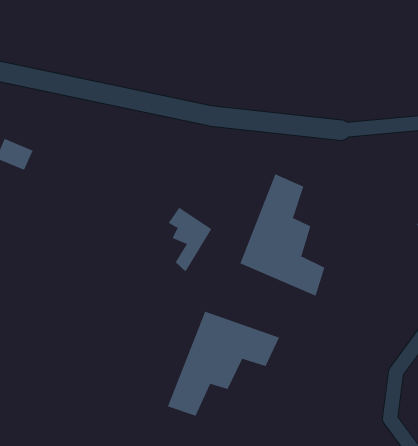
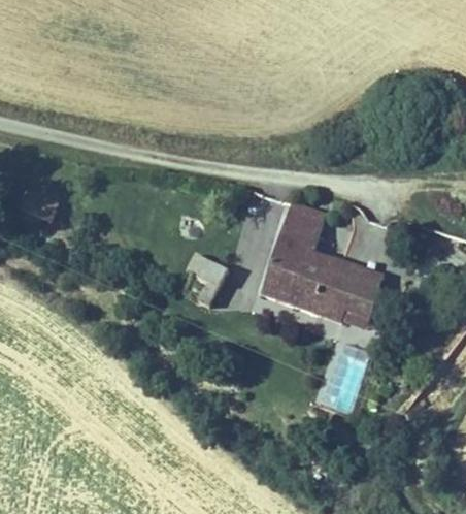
building: none -> [323,265,379,346]
building: [167,311,280,417] -> none

